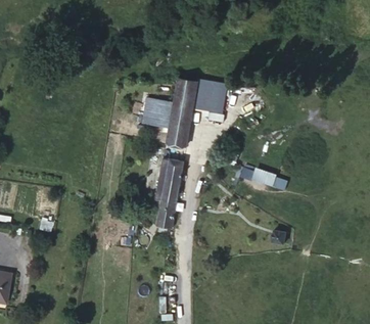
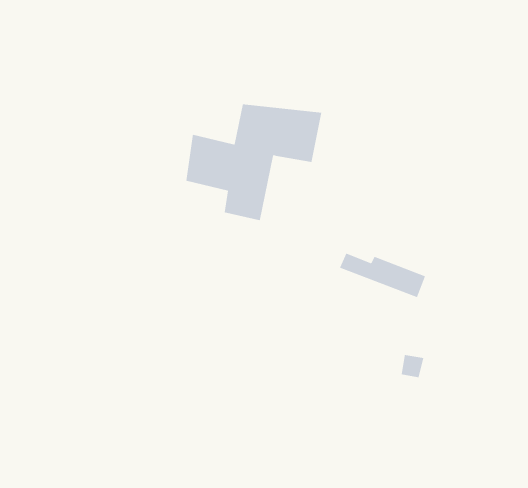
building: [149,161,183,233] -> none

